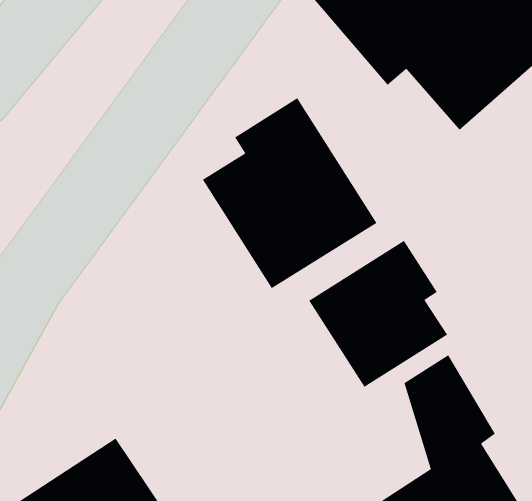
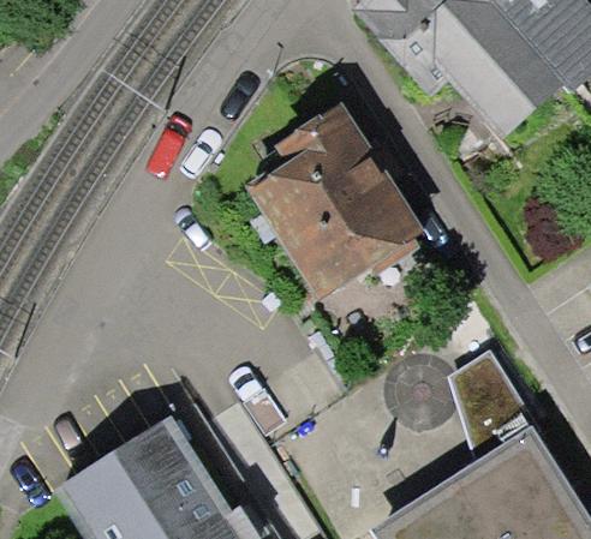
building: [308,240,448,388] -> none

